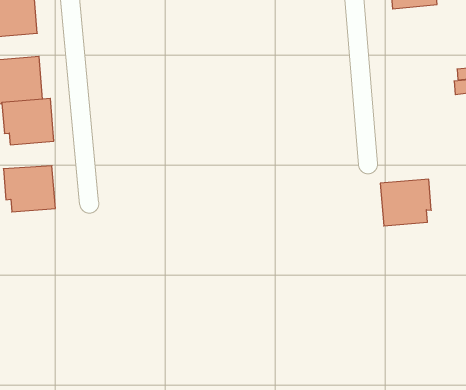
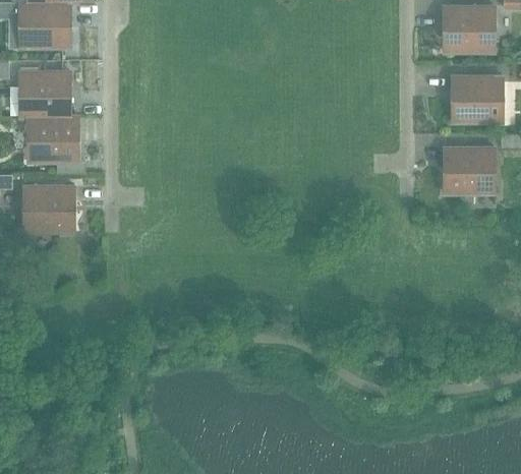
building: none -> [450,76,502,121]
building: [380,179,431,226] -> [443,147,494,192]

